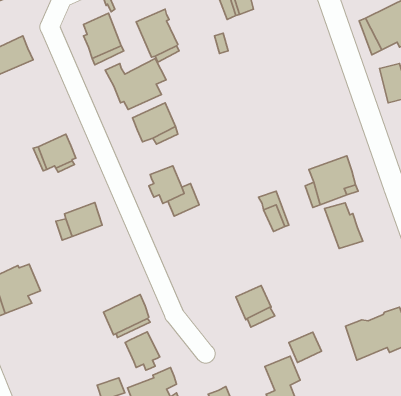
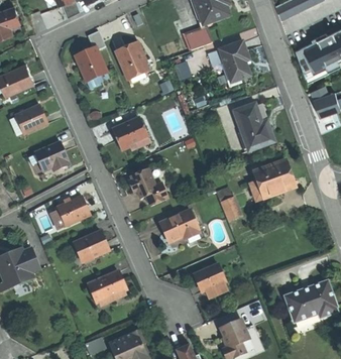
building: none -> [218,41,249,84]
building: [105,59,166,110] -> none
building: none -> [234,104,274,151]
building: none -> [16,105,47,134]
building: [324,203,363,248] -> none
building: none -> [162,209,196,243]
building: none -> [76,229,110,259]
building: [125,332,160,370] -> none

